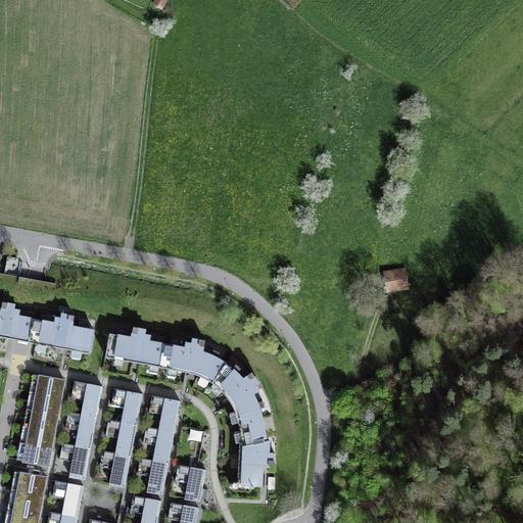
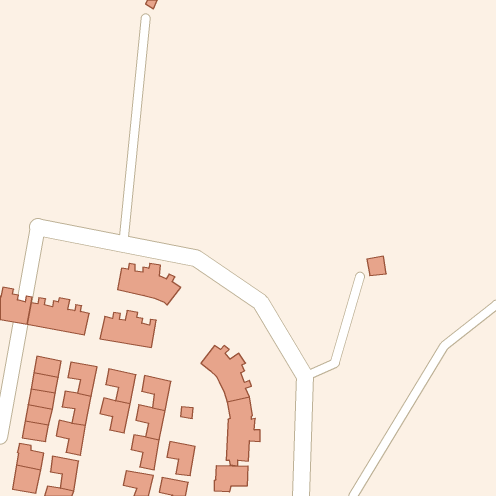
building: [159,338,226,382] -> [118,263,181,305]
building: [100,450,131,486] -> none
building: none -> [214,466,248,492]

